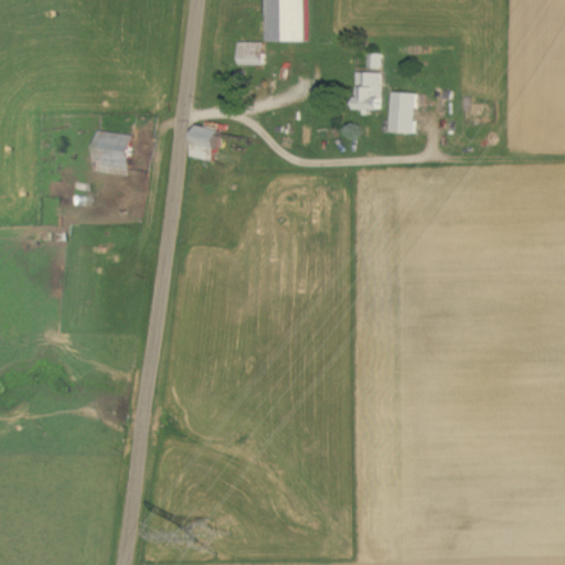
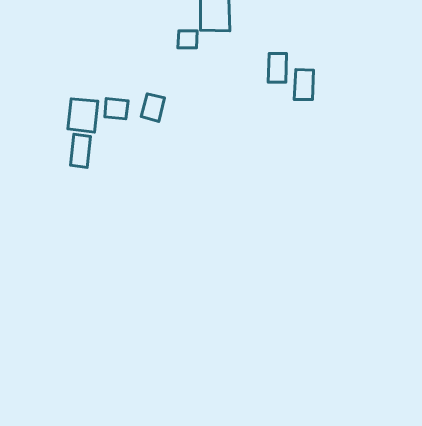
building: none -> [105,99,128,119]
building: none -> [70,134,91,168]

